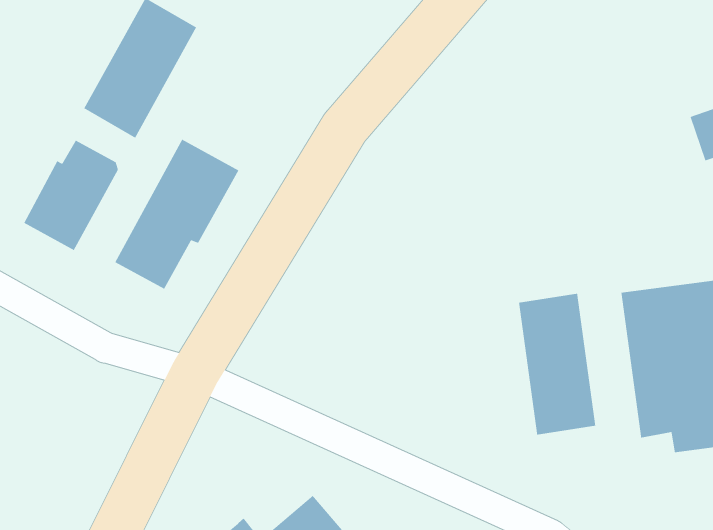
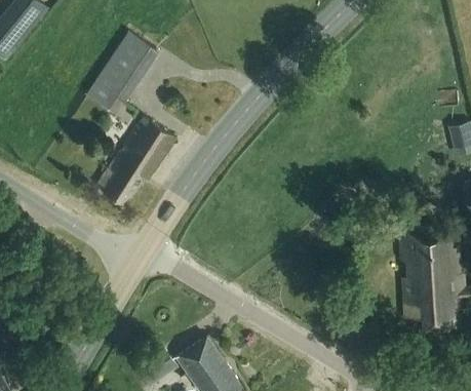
building: [23,139,119,251] -> none
building: [518,293,596,435] -> none

